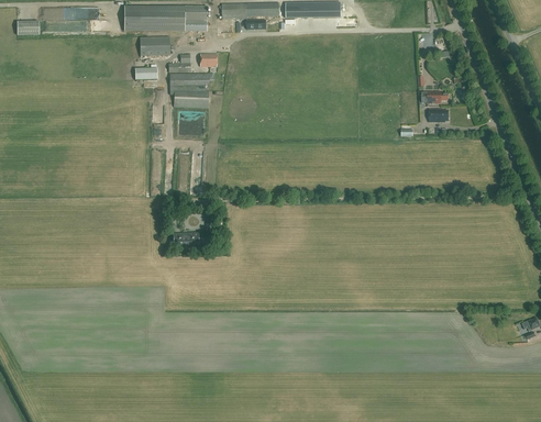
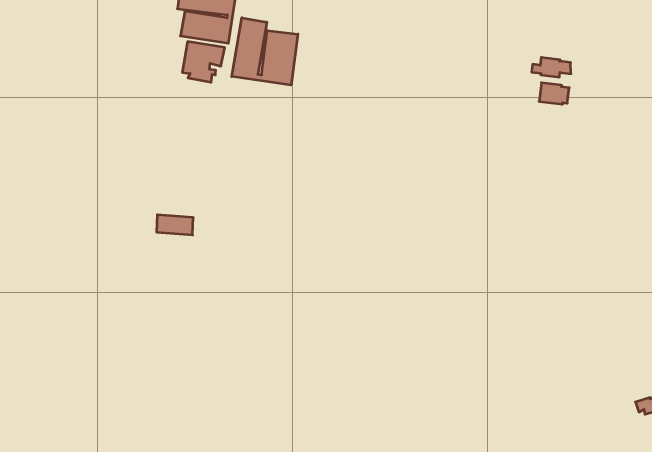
building: none -> [232,18,298,85]

